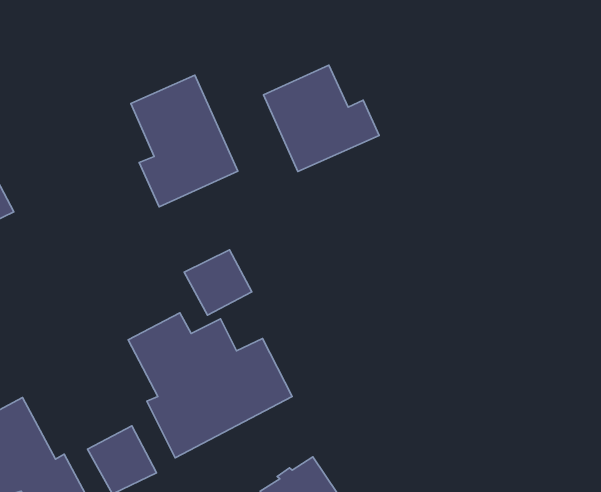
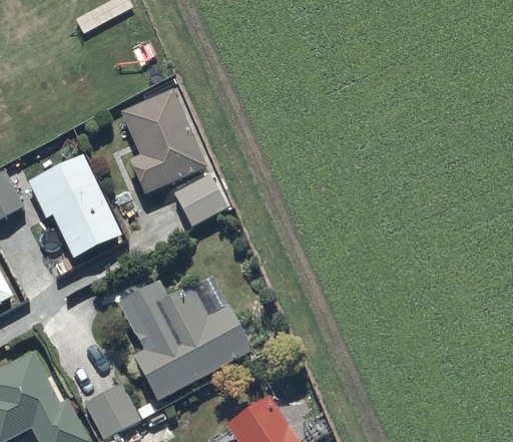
building: [264,65,379,172] -> none
building: none -> [28,156,122,260]
building: [184,250,252,315] -> [171,169,226,223]

